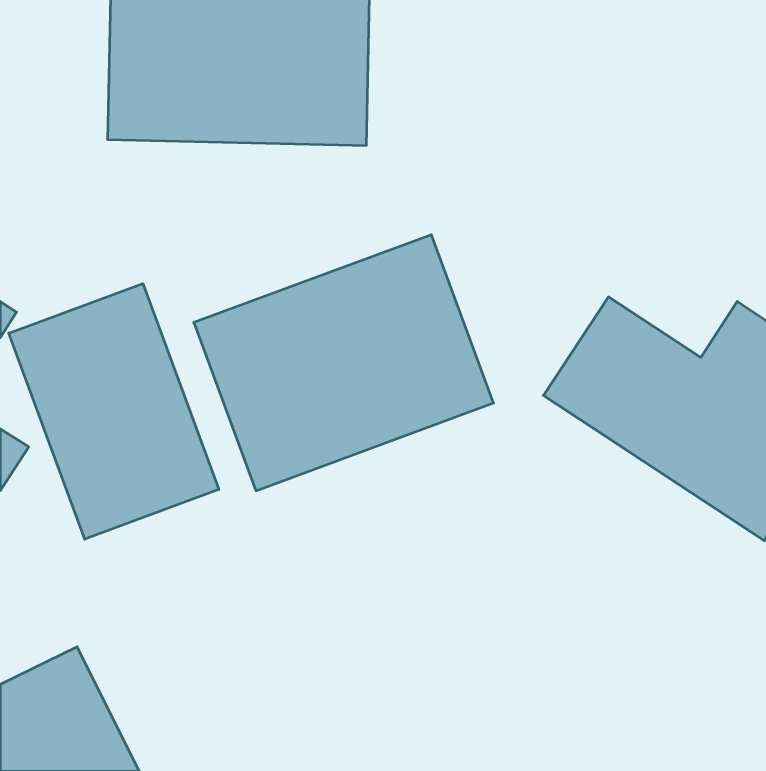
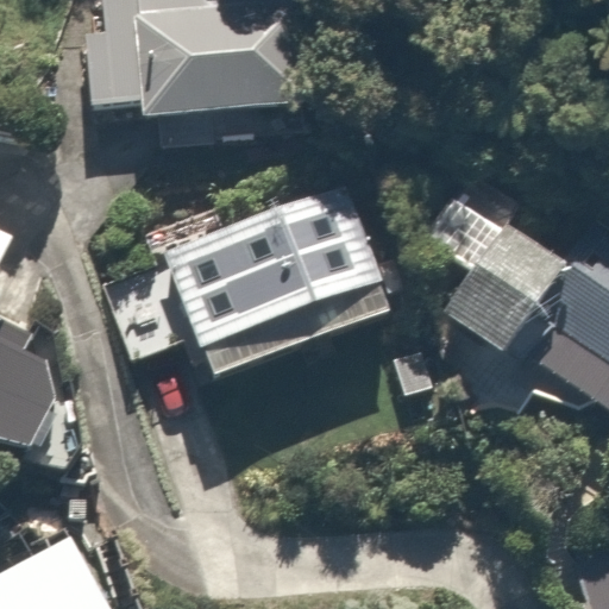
building: [9,284,219,539] -> none

